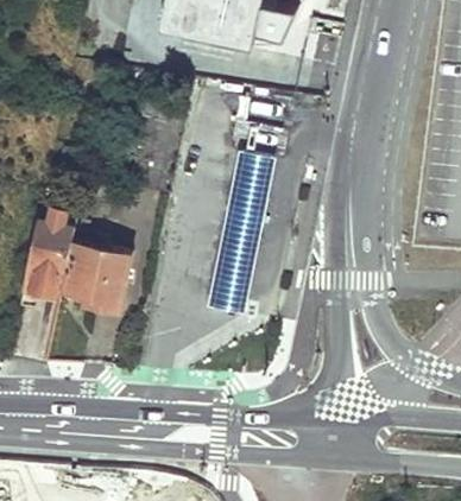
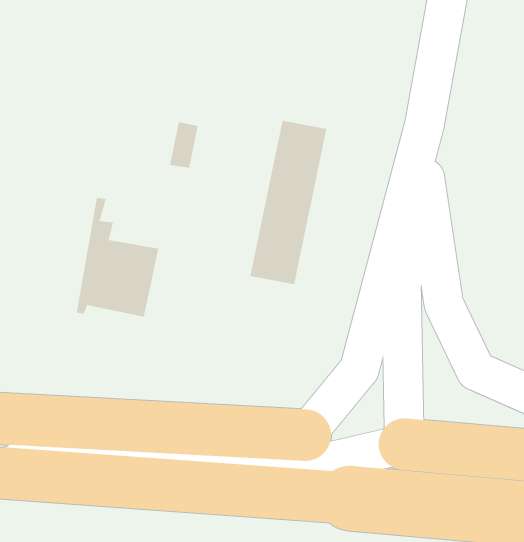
building: [18,208,76,310] -> none

